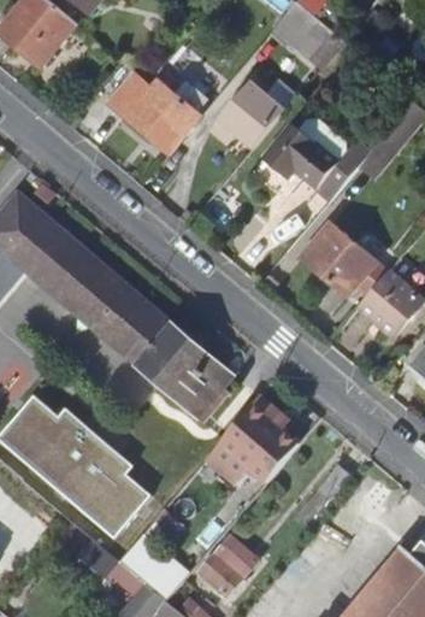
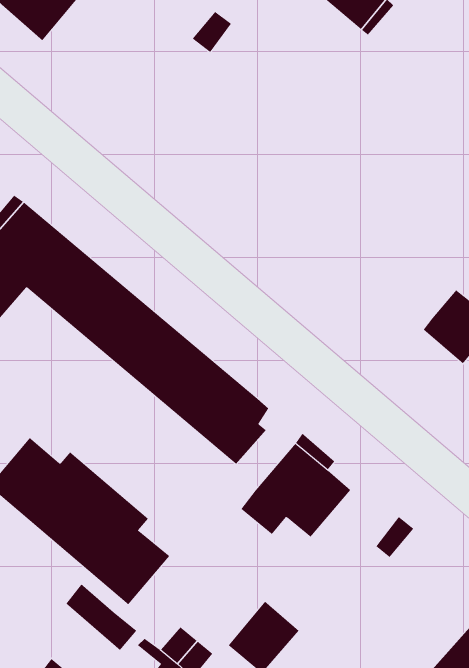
building: [110,69,213,153] -> none
building: [207,81,294,149] -> none
building: [265,123,368,198] -> none
building: [301,222,388,298] -> none

